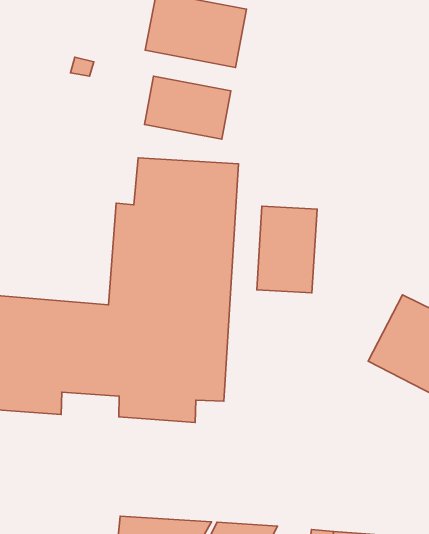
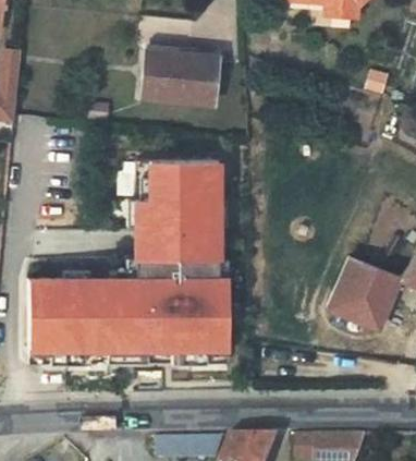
building: [145,76,231,139] -> none
building: [257,206,317,293] -> none

